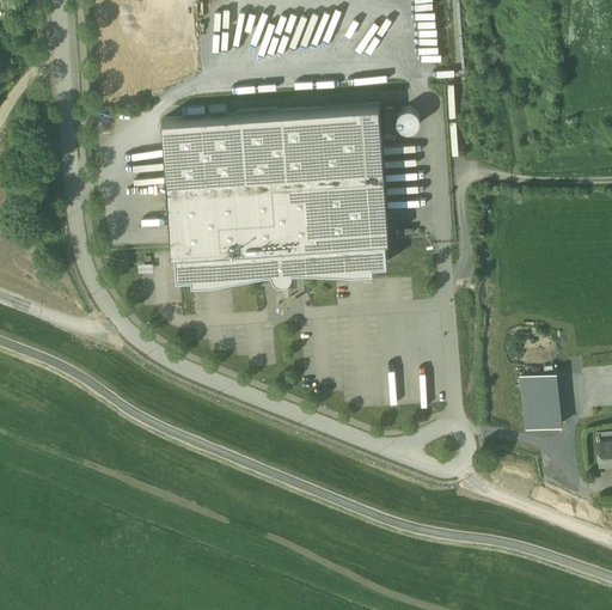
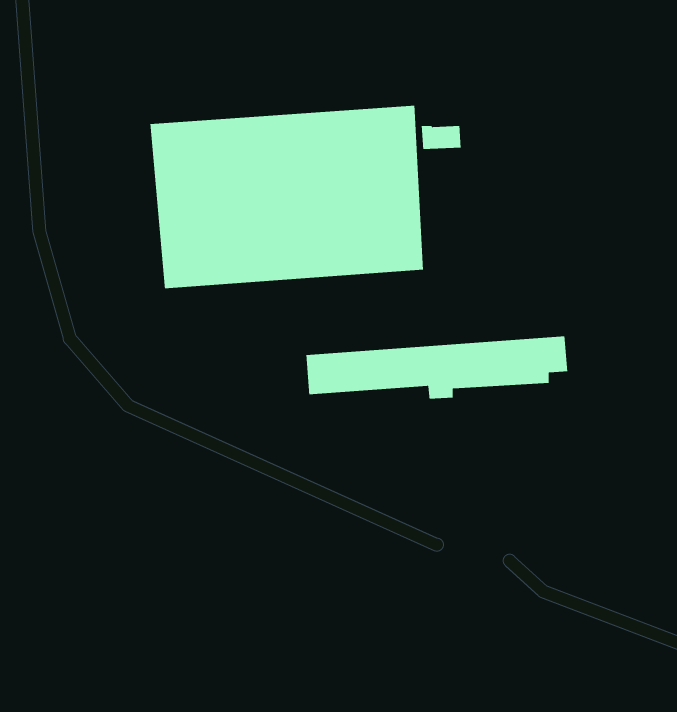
building: [172,237,388,289] -> [306,336,568,399]
building: [520,382,559,440] -> none

